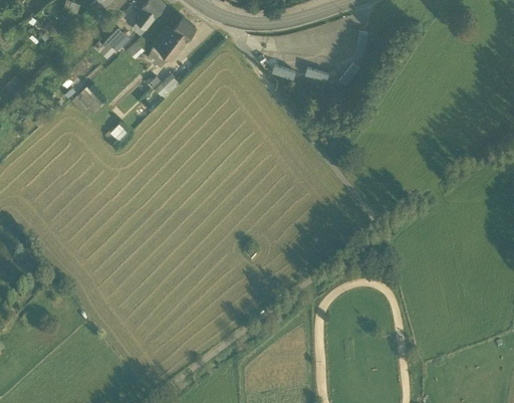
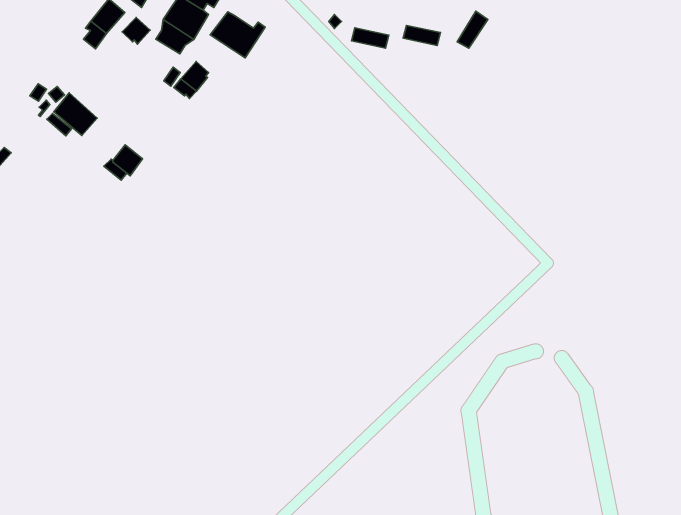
building: none -> [210,12,265,58]

